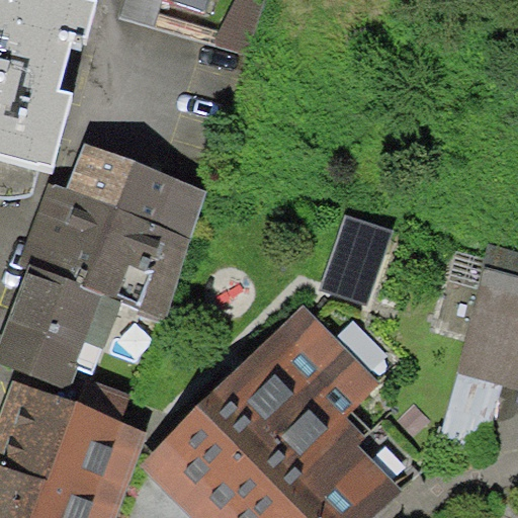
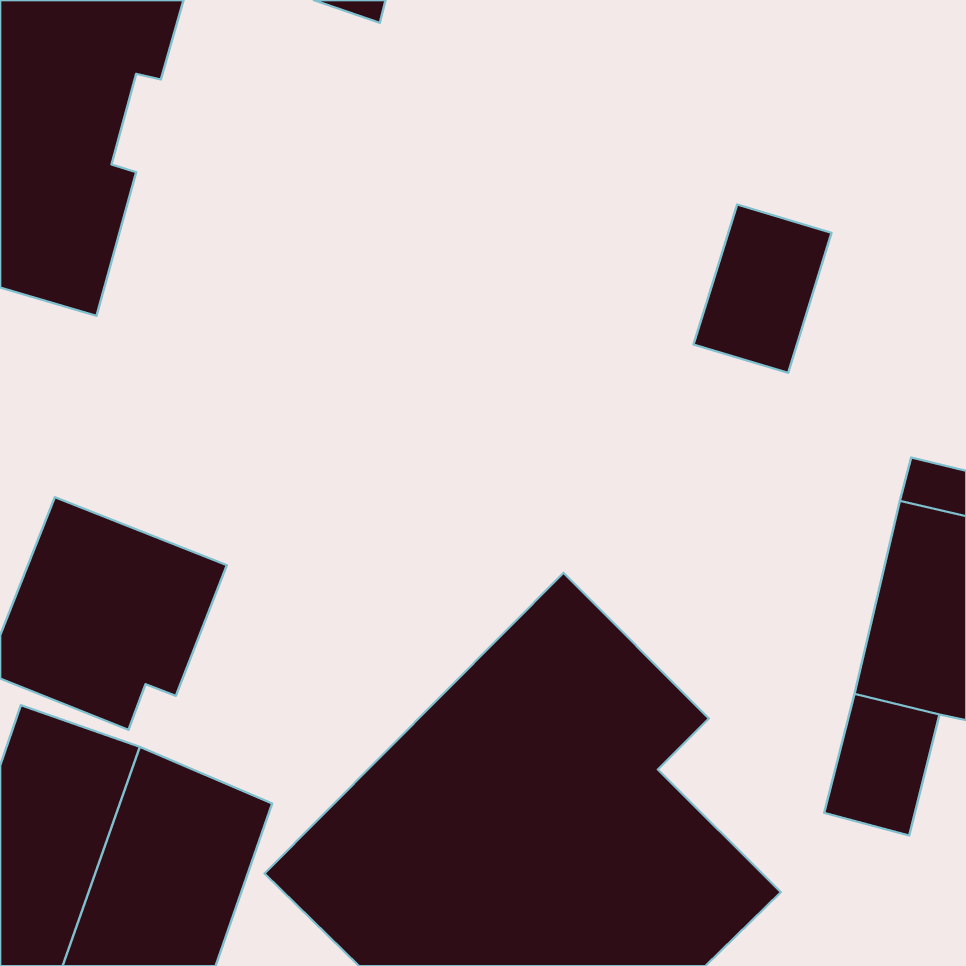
building: [17,142,210,319] -> none
building: [320,214,394,305] -> [694,205,832,373]

